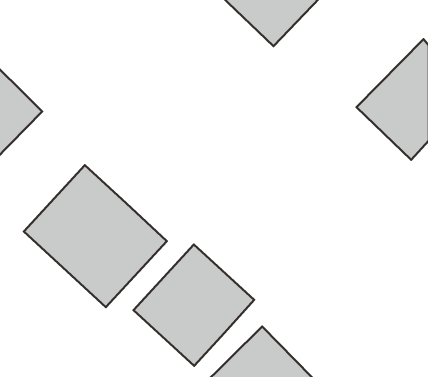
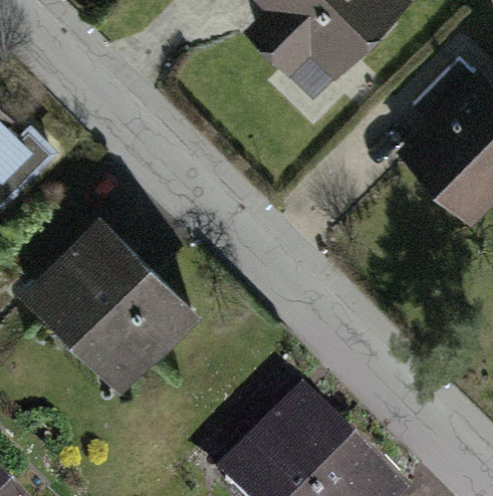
building: [134,244,254,366] -> none

